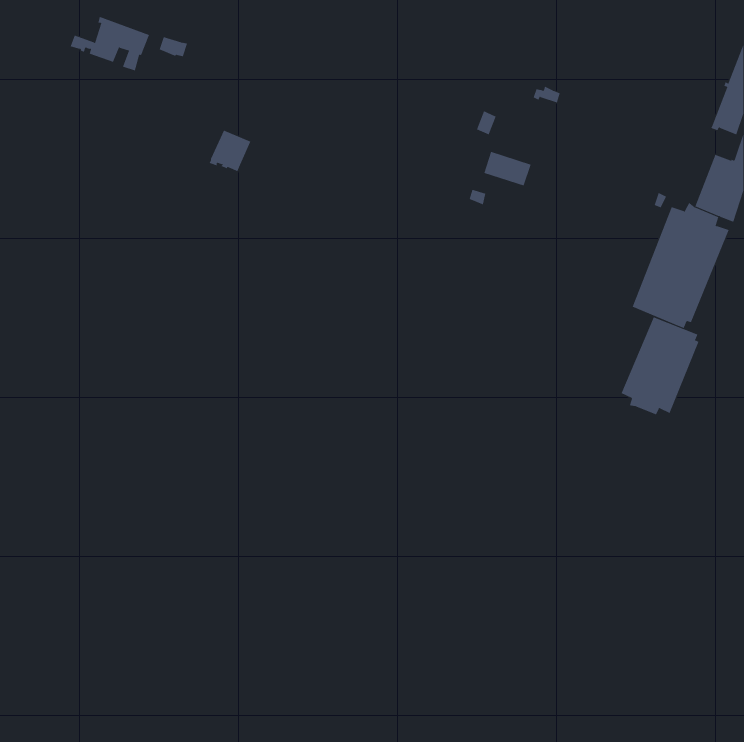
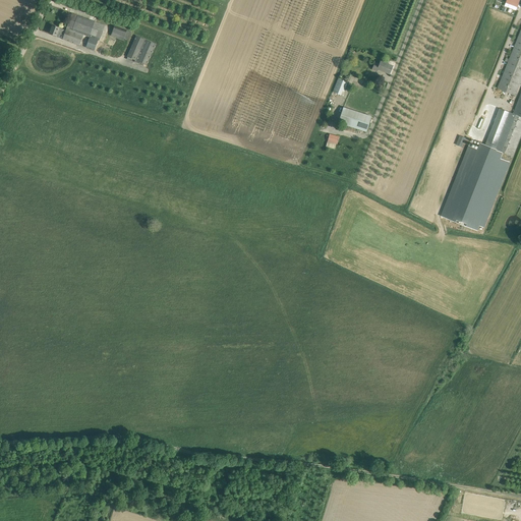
building: [209,130,251,172] -> [126,35,156,64]
building: [621,317,699,415] -> none

